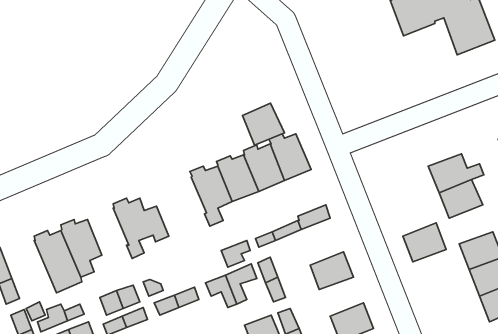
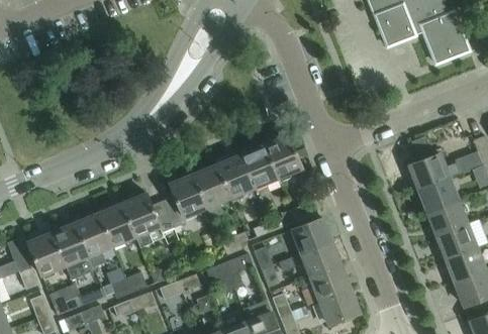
building: [242,103,284,145] -> none
building: none -> [162,175,207,228]
building: none -> [98,203,136,245]
building: [403,223,446,262] -> [427,200,467,235]
building: none -> [291,218,331,254]
building: none -> [26,232,65,275]
building: none -> [298,265,350,306]

